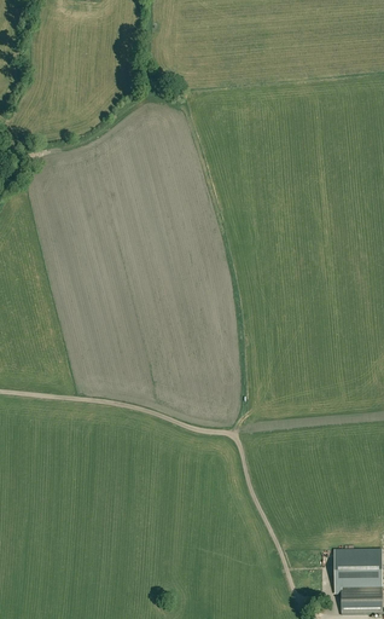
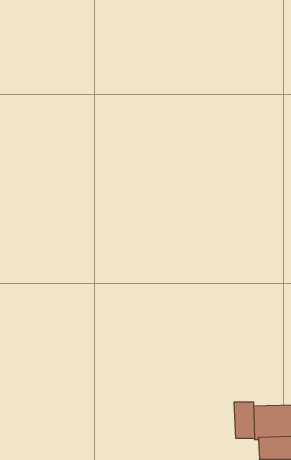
building: none -> [234,402,254,439]

